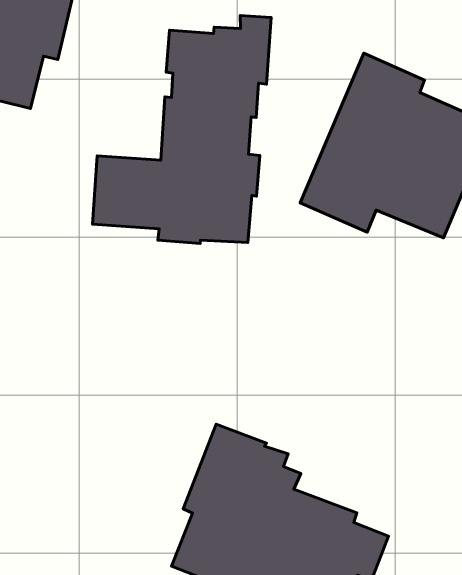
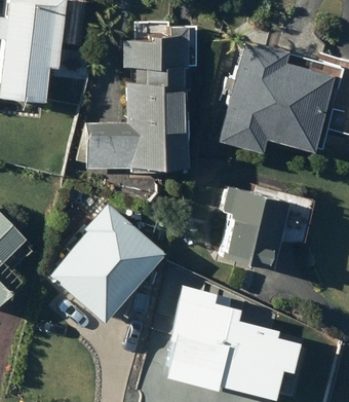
building: none -> [223,188,288,270]
building: none -> [50,206,165,322]

